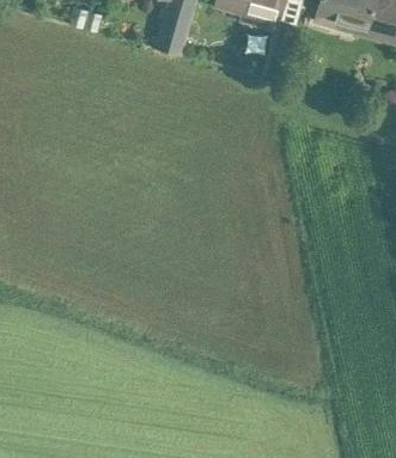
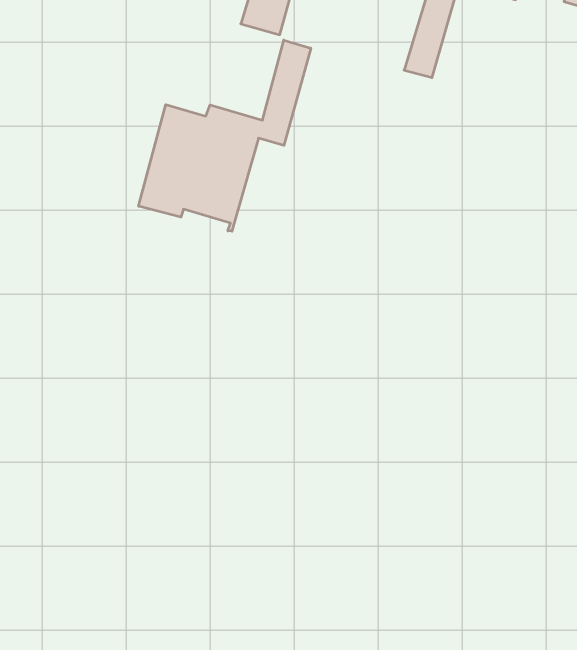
building: none -> [139,40,311,231]

